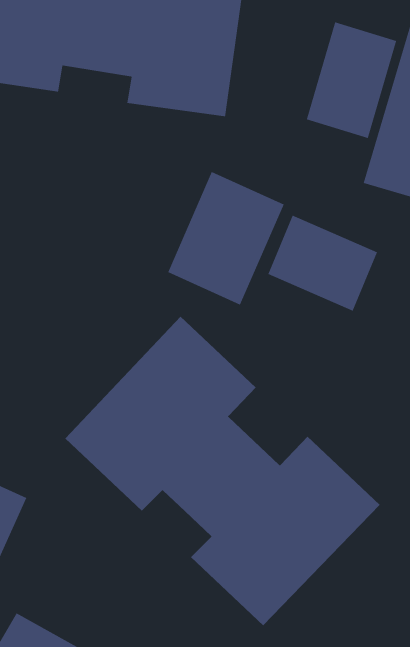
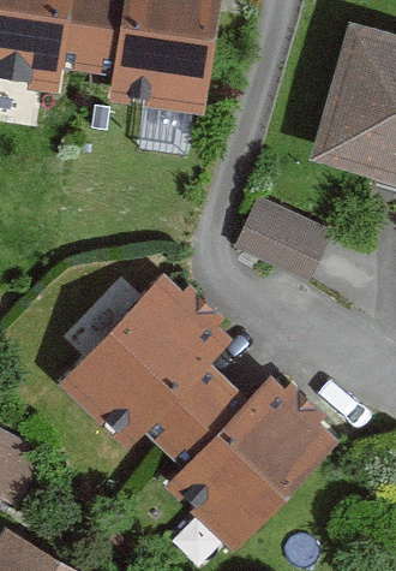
building: [306,22,397,139] -> none
building: [167,171,284,305] -> none

